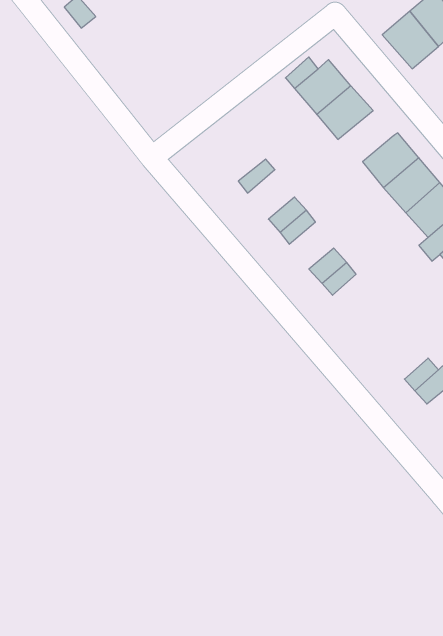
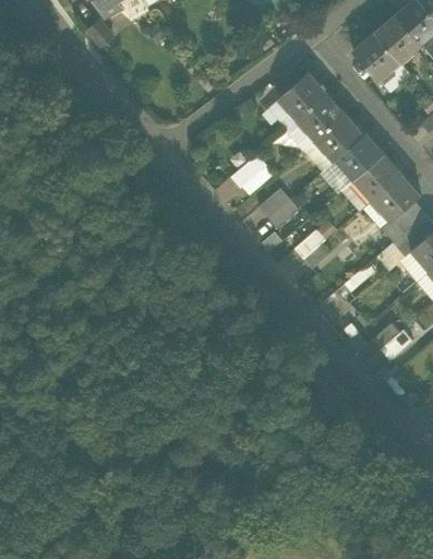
building: none -> [315,117,362,162]

